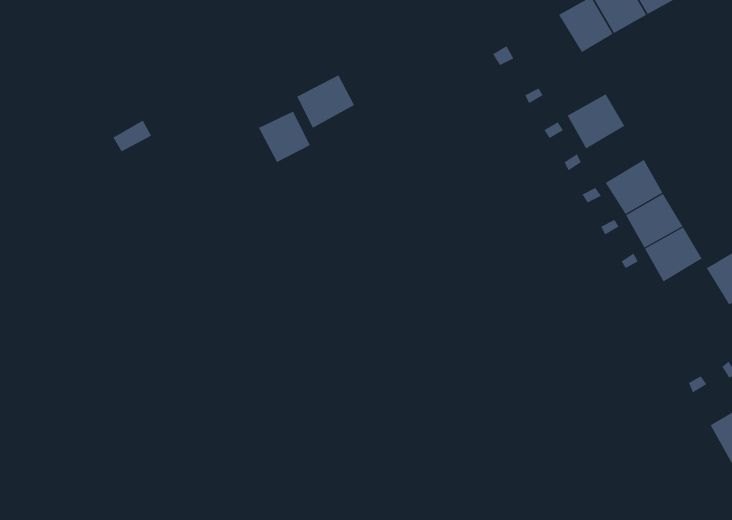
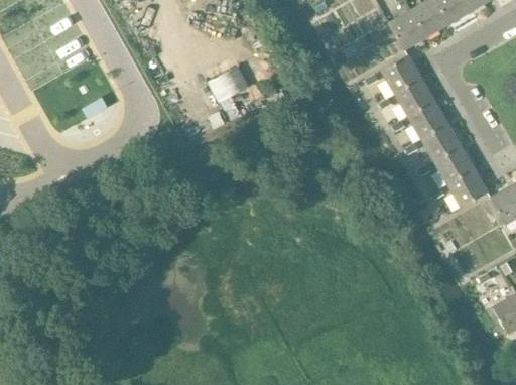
building: none -> [381,54,421,93]
building: [258,111,311,163] -> none
building: none -> [407,100,447,139]

